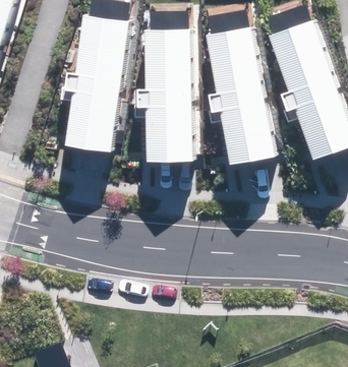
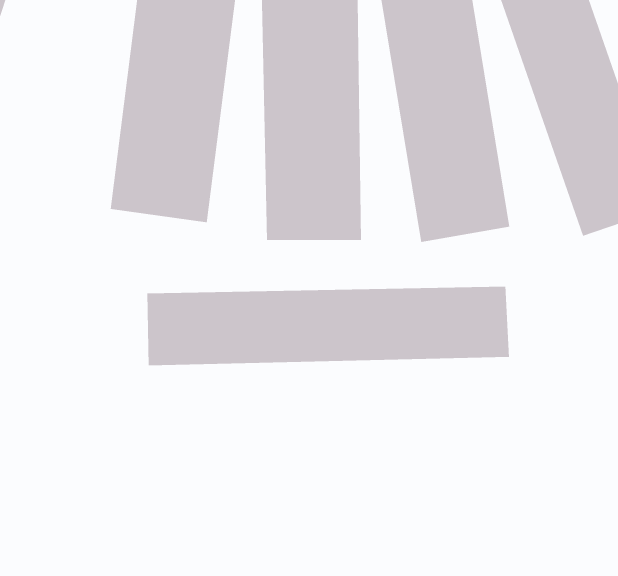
building: none -> [147,286,510,366]

